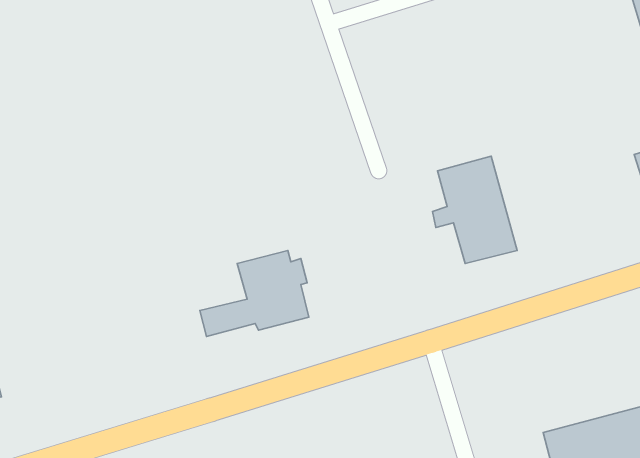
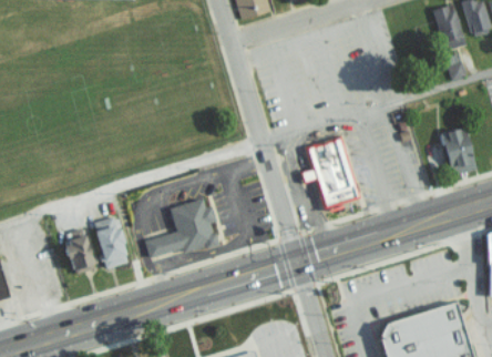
building: none -> [94,217,127,269]
building: none -> [65,230,94,275]

